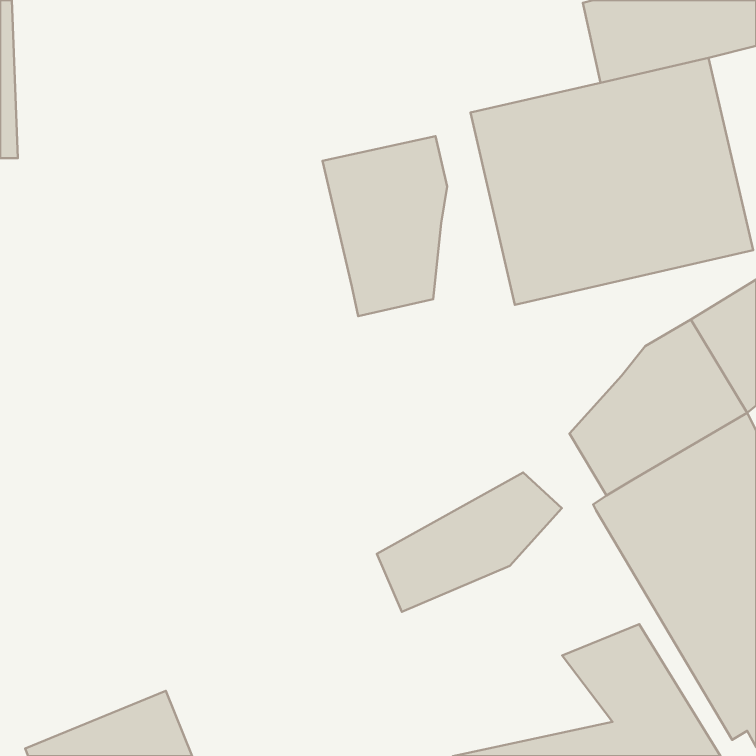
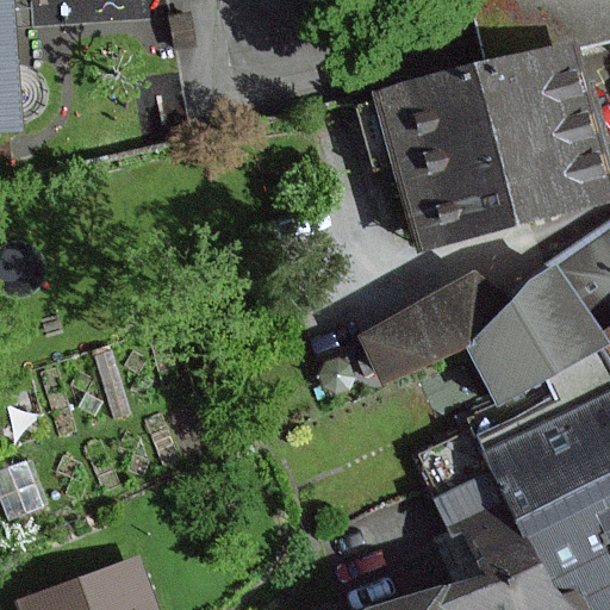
building: [322,136,447,316] -> none
building: [377,473,562,612] -> [351,274,500,386]

